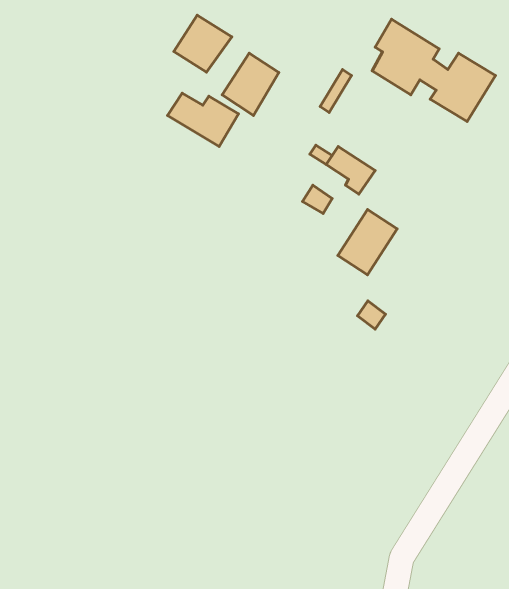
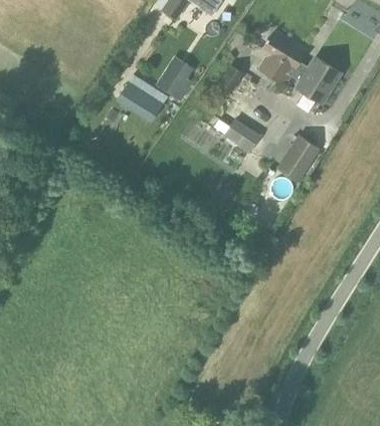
building: [174,15,232,72] -> none
building: [338,210,397,275] -> [278,138,319,182]

